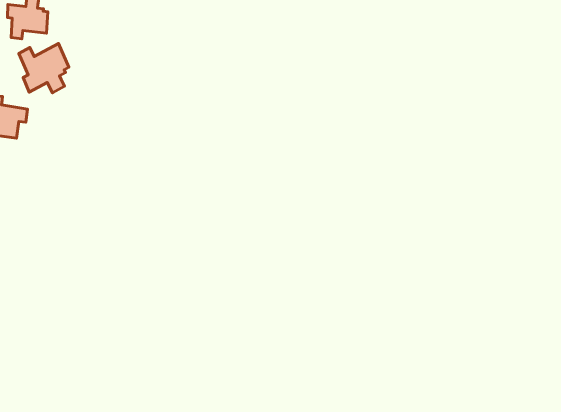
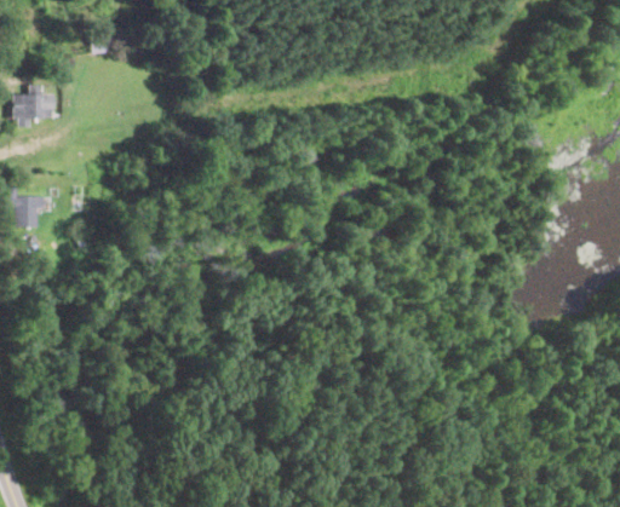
building: [19,43,69,93] -> none

